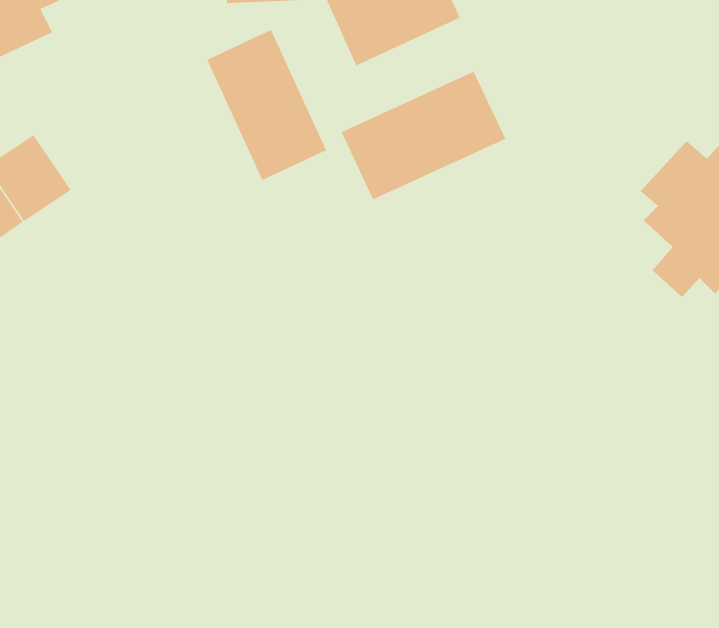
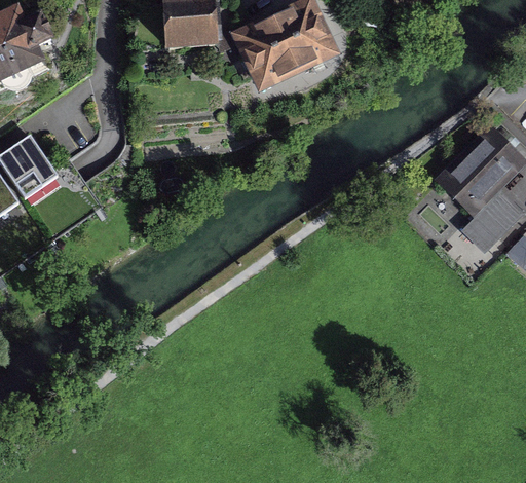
building: [207,29,327,181] -> none
building: [341,71,506,200] -> none

